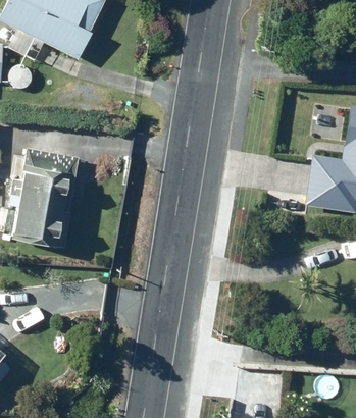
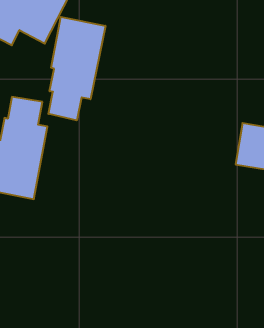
building: none -> [48,17,105,120]

